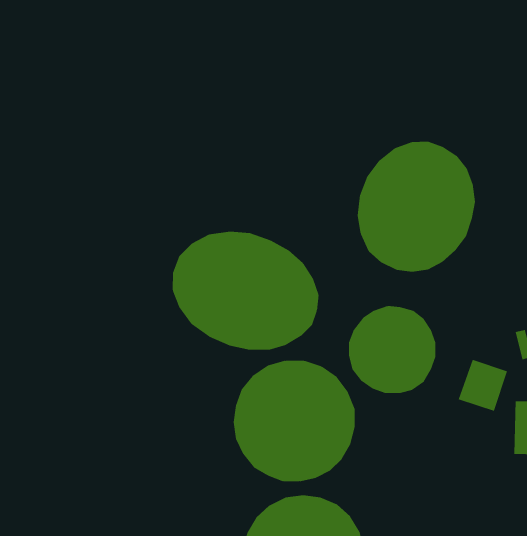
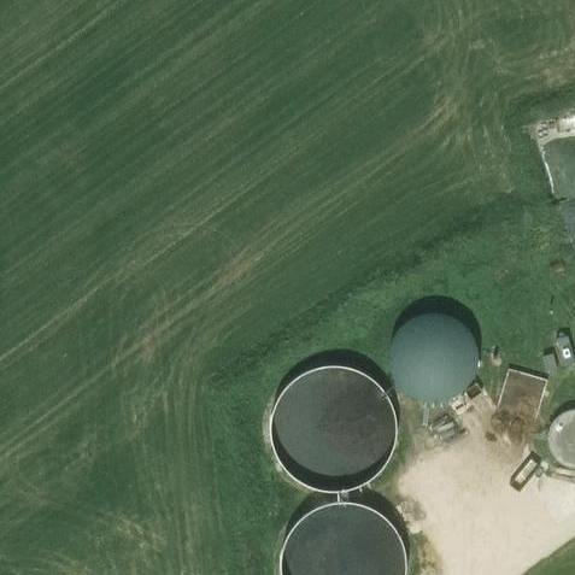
building: [357,141,476,273] -> none
building: [172,231,319,350] -> none

